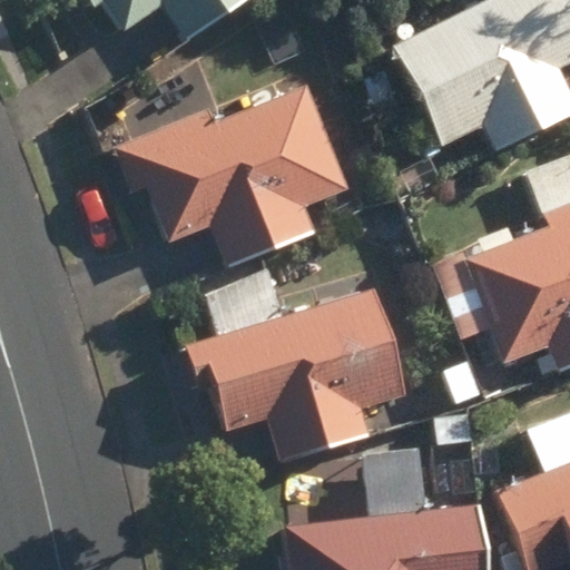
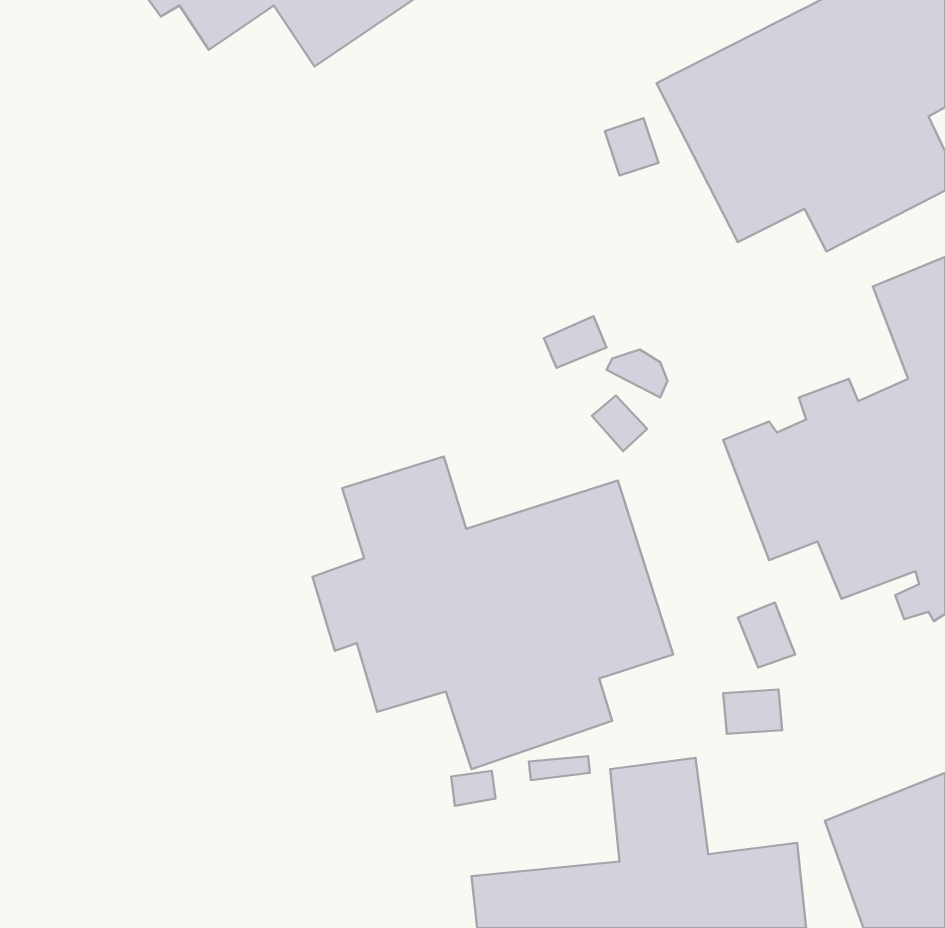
building: [117,86,348,266] -> none

